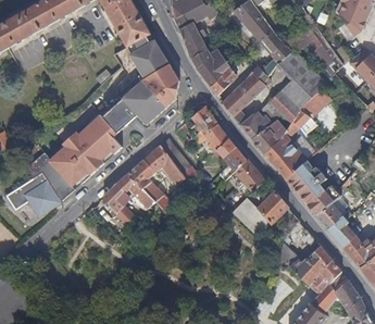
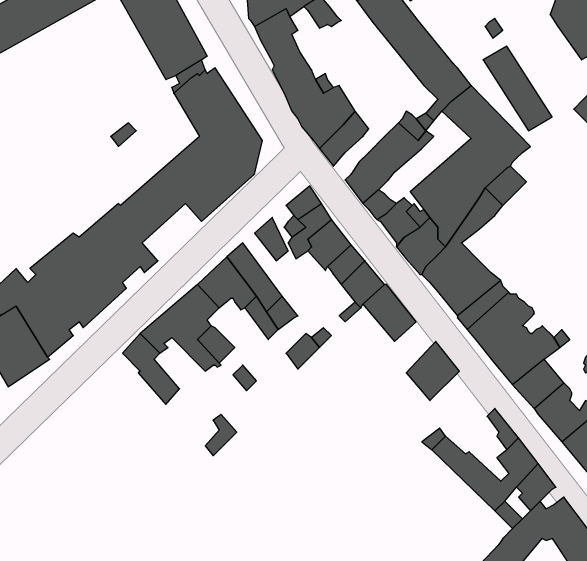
building: [234,197,271,237] -> none

